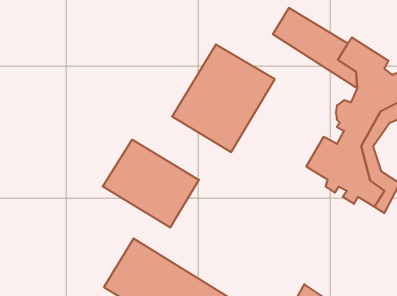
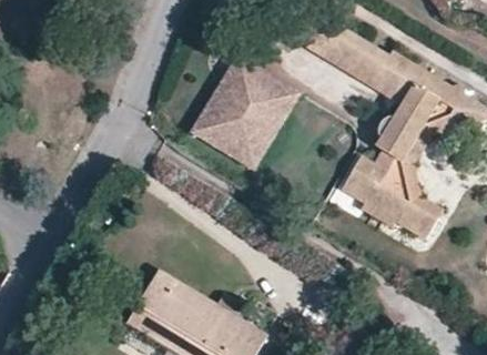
building: [103,140,199,228] -> none

